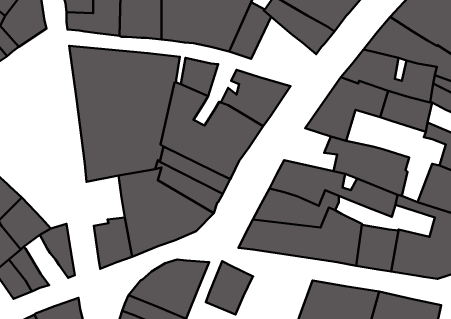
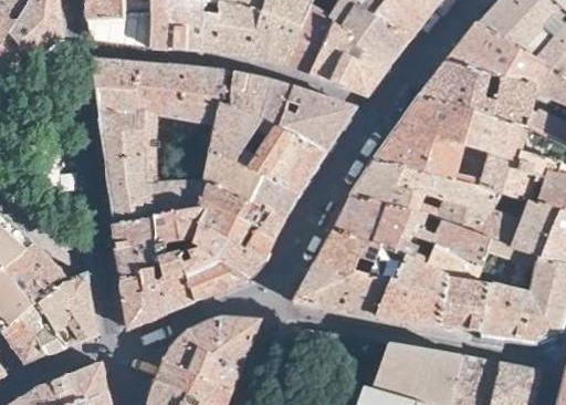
building: none -> [312,22,390,95]
building: none -> [253,80,294,136]
building: none -> [427,135,468,179]
building: none -> [471,148,531,198]
building: none -> [352,157,416,209]
building: none -> [113,215,159,276]
building: none -> [421,246,482,280]
building: none -> [36,287,91,347]
building: [206,261,253,314] -> none

